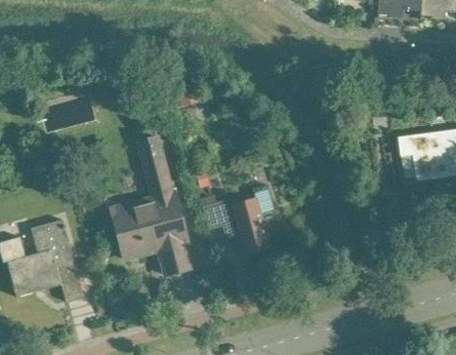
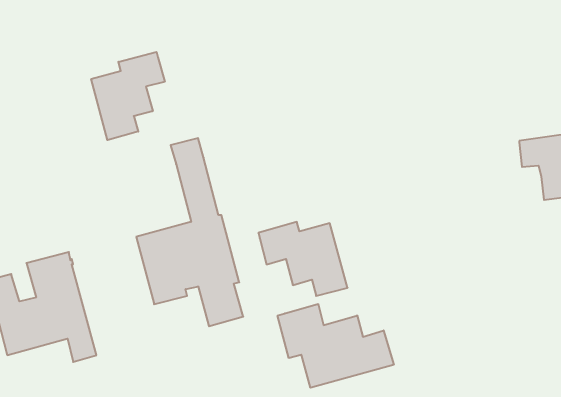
building: none -> [91,52,165,140]
building: none -> [278,304,394,388]

